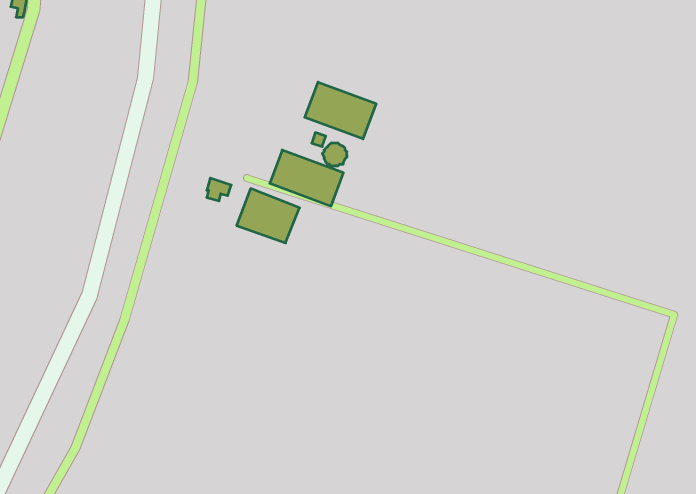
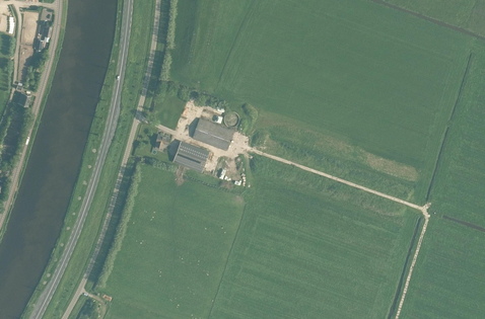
building: [305,82,376,139] -> none

